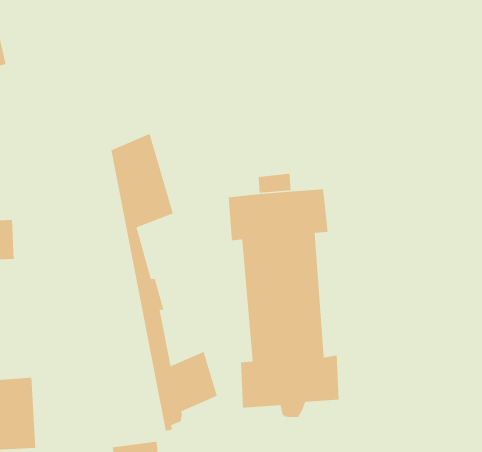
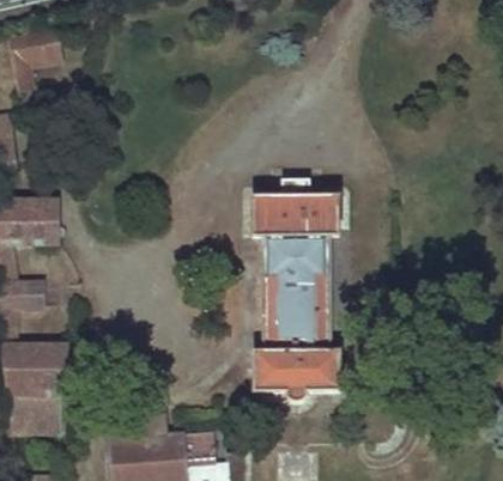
building: [111,133,218,431] -> none

